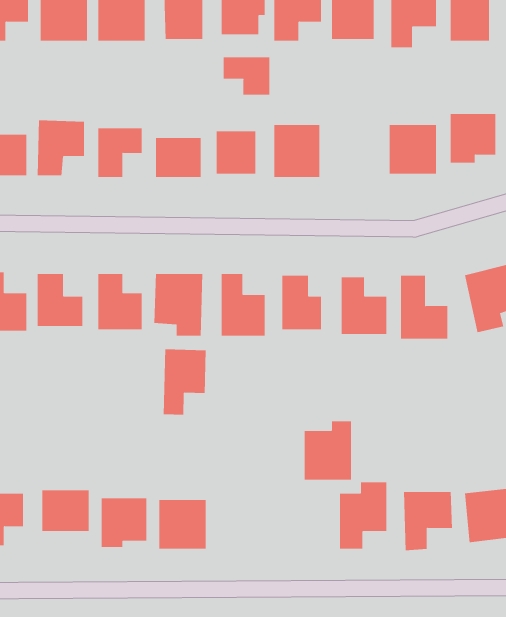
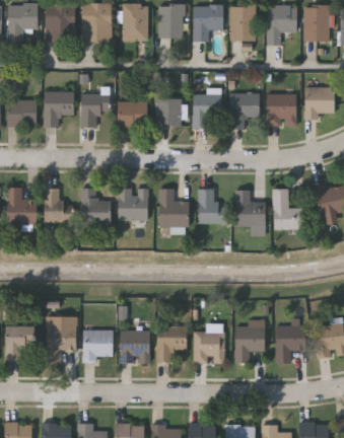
building: [223,57,270,95] -> none
building: none -> [229,94,259,128]
building: [163,349,206,415] -> none
building: [304,421,352,480] -> [194,325,224,363]
building: none -> [156,327,187,361]

